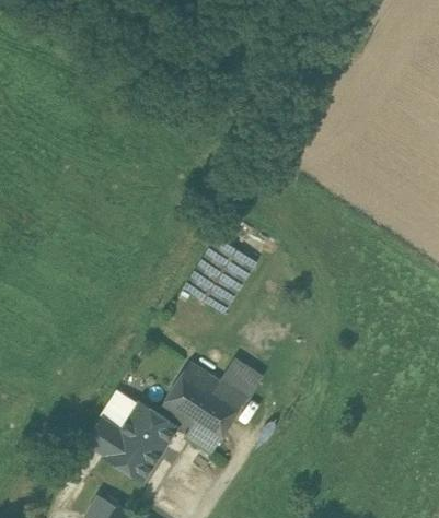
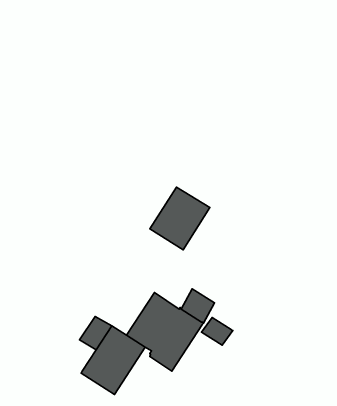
building: none -> [201,318,233,345]
building: [85,417,120,455] -> none

